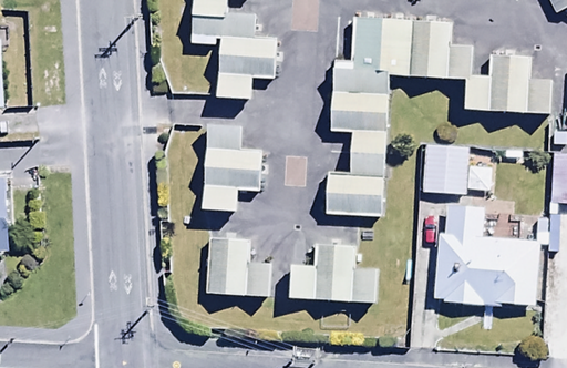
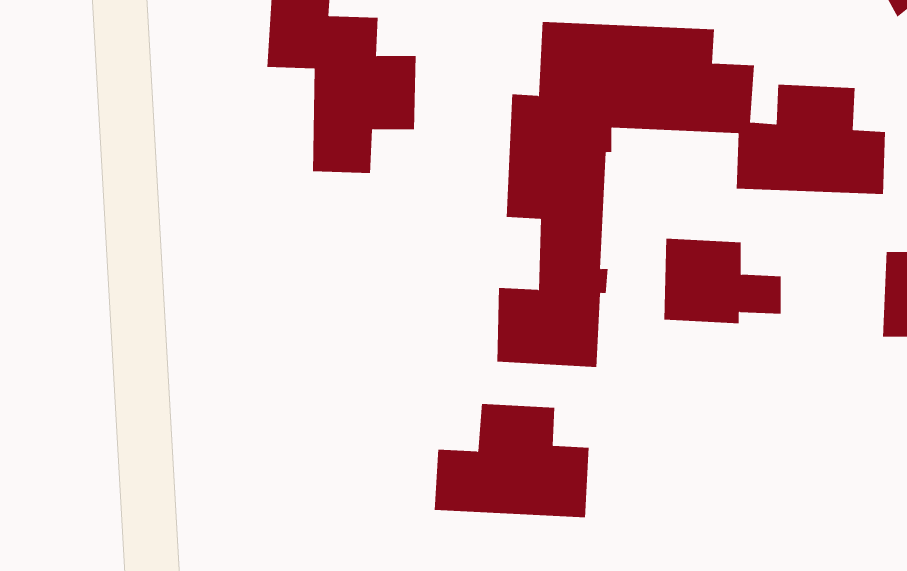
building: [202,122,262,214] -> none
building: [434,205,550,307] -> none
building: [207,235,271,298] -> none

